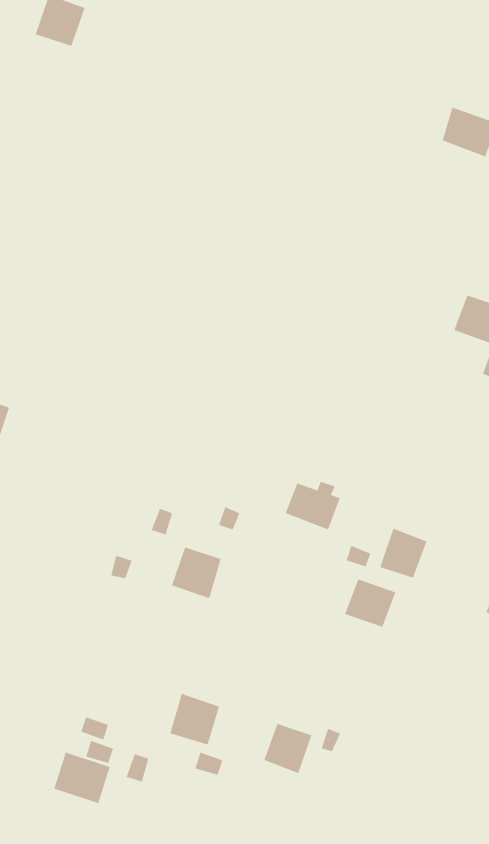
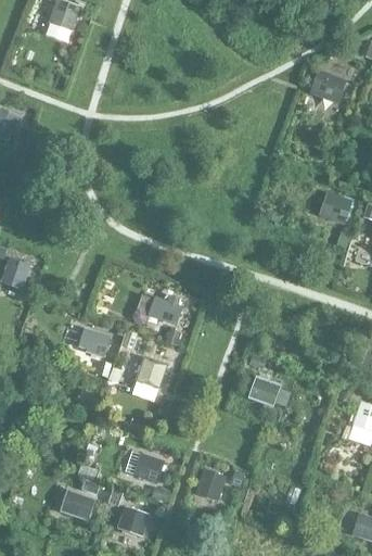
building: [285,481,340,530] -> [147,295,183,327]
building: none -> [78,328,111,358]
building: [380,528,427,578] -> none
building: none -> [120,507,151,539]

